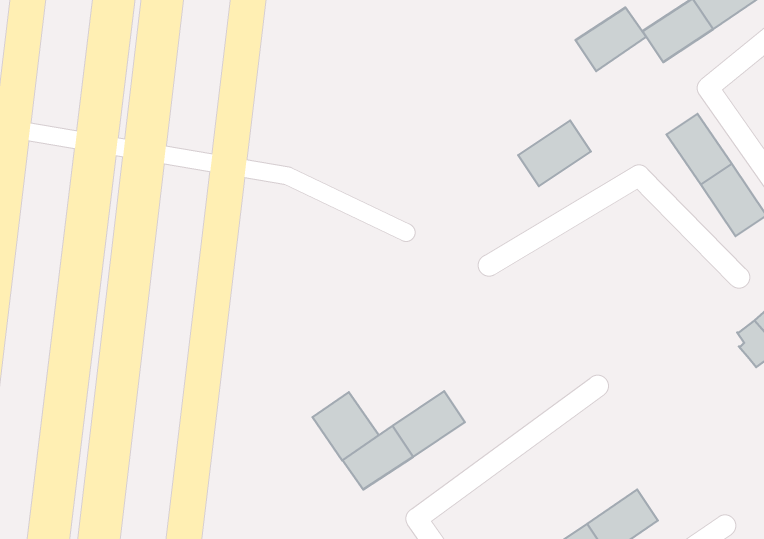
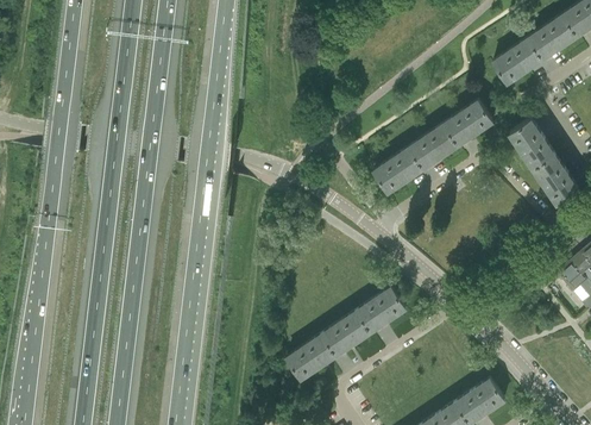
building: [576,7,646,71] -> [441,102,490,146]
building: none -> [371,149,420,194]
building: none -> [354,288,403,333]
building: [312,392,379,460] -> none

